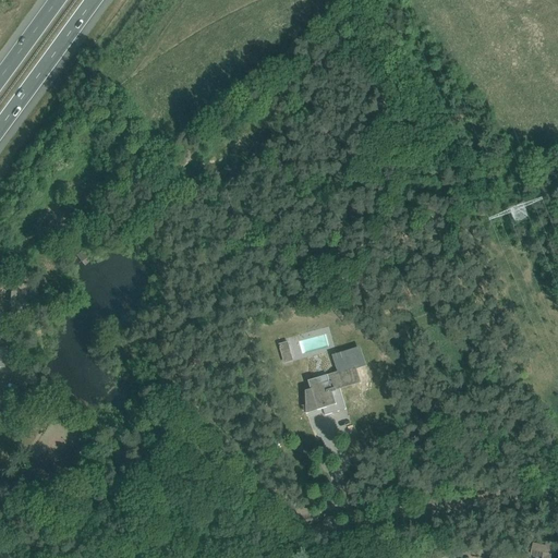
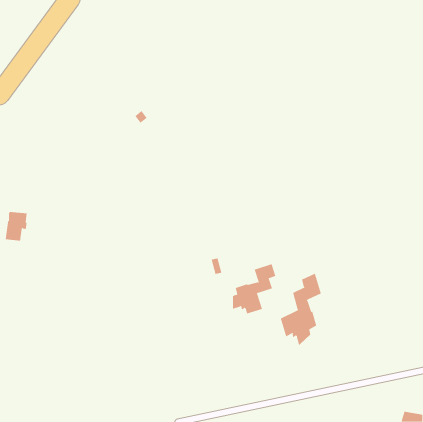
building: none -> [280,273,321,349]

